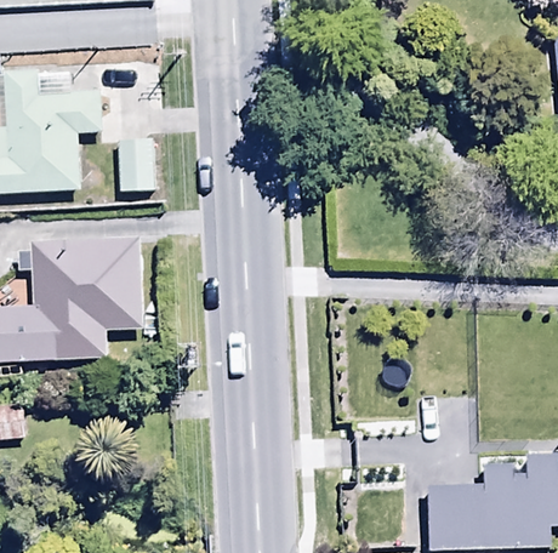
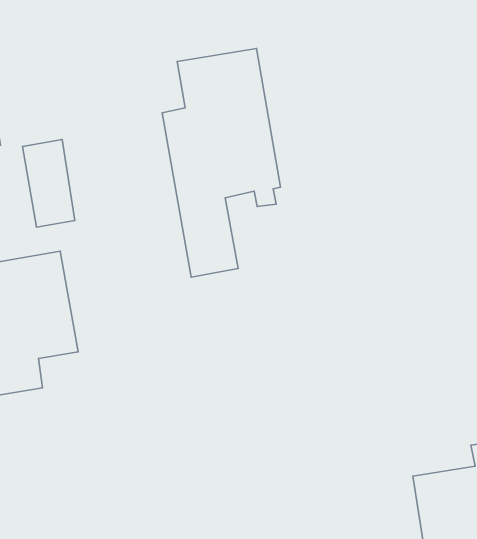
building: none -> [162,49,280,277]

